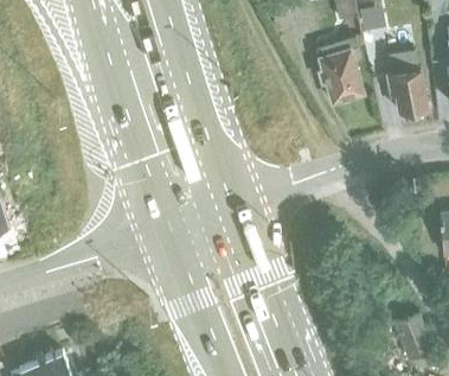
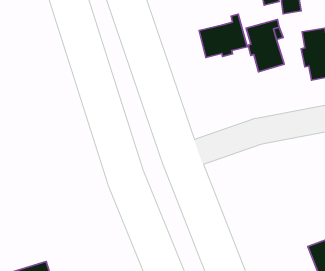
building: none -> [199,14,247,58]

